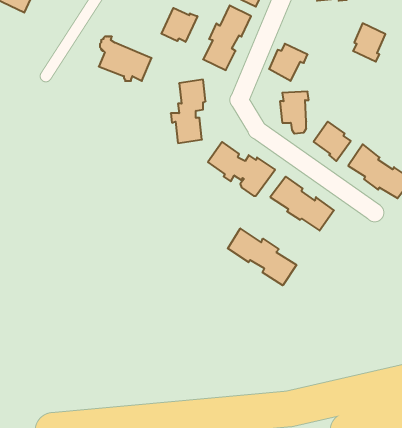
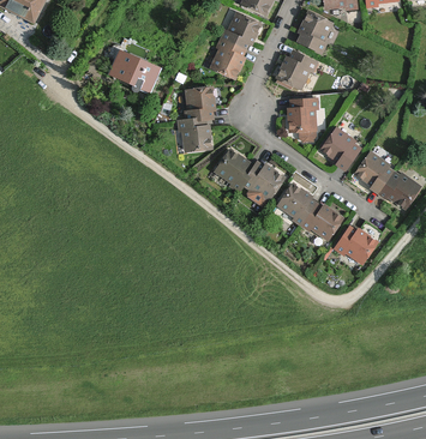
building: [161,8,197,42] -> none
building: [353,23,385,62] -> [298,13,330,52]
building: none -> [336,227,377,263]
building: [228,228,296,285] -> none

